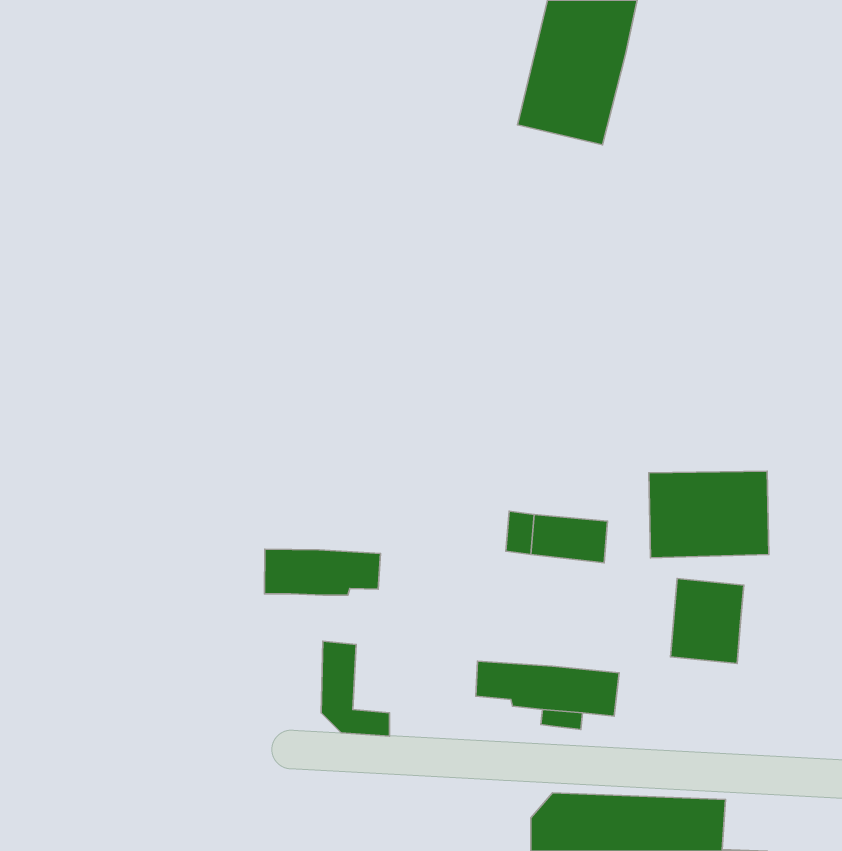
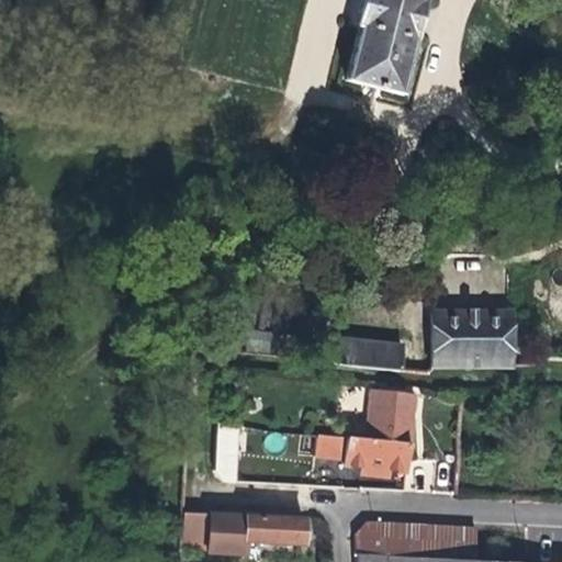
building: [265,549,380,595] -> none
building: [671,579,744,664] -> [370,387,418,443]
building: none -> [180,514,307,553]

